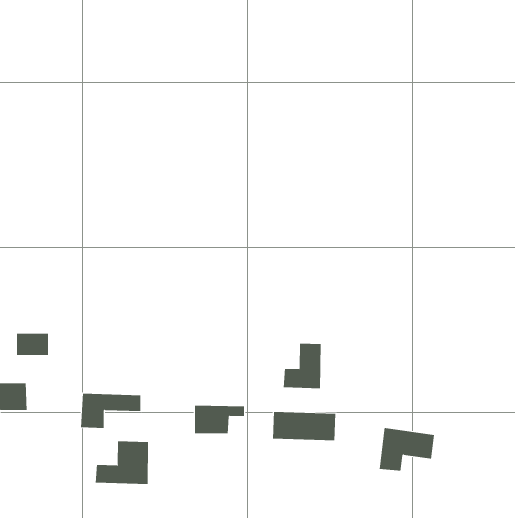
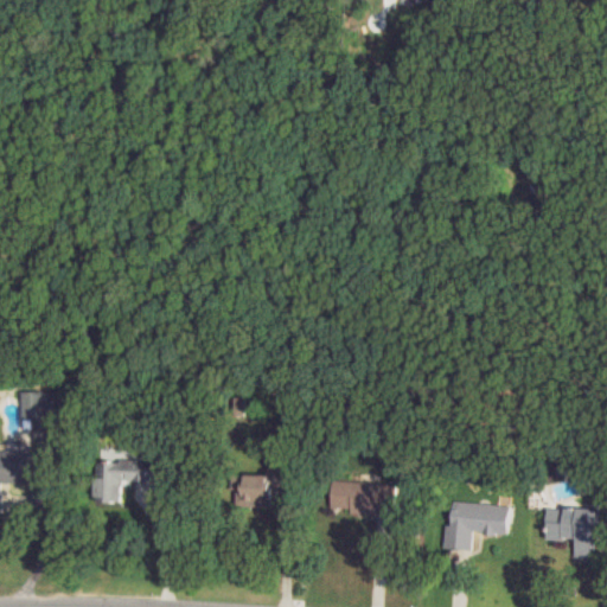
building: [283,343,321,389] -> none
building: none -> [543,507,592,556]
building: [95,441,148,485] -> none

